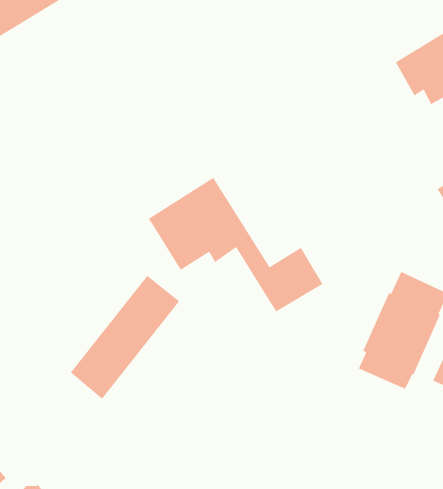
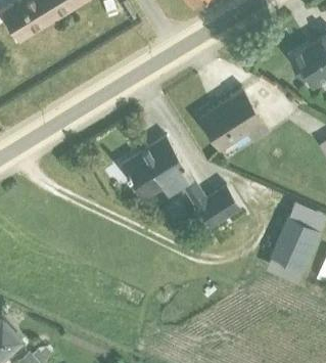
building: none -> [198,88,271,150]
building: [70,275,180,400] -> none

